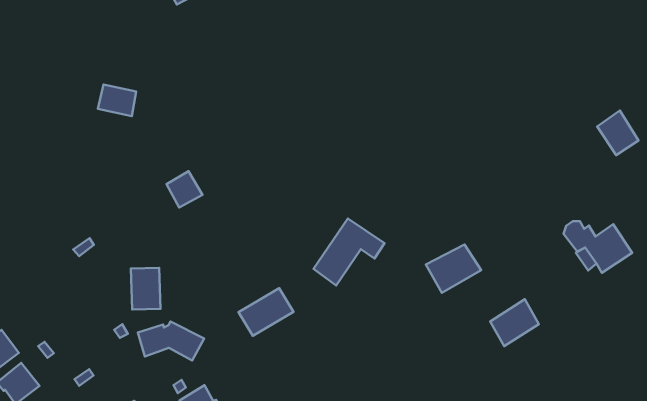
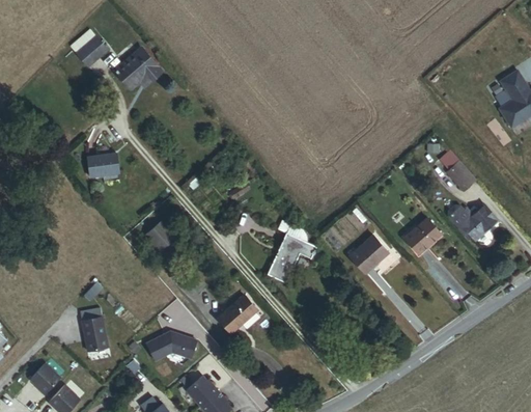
building: [597,111,639,155] -> [443,161,475,194]
building: [131,268,160,310] -> [82,313,109,348]
building: [490,299,539,346] -> [406,219,442,256]

